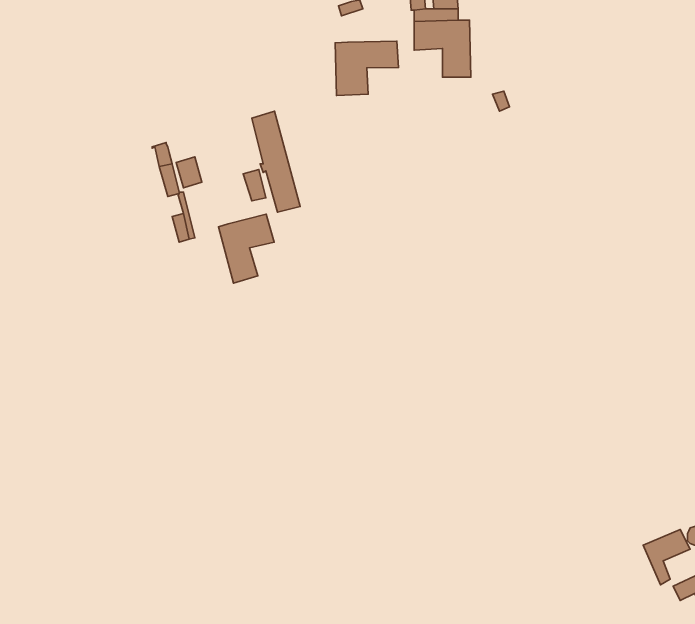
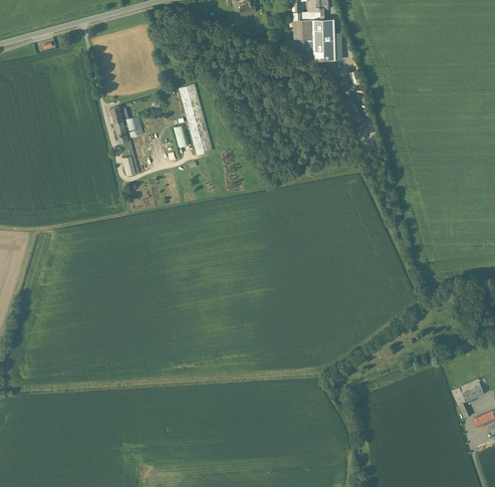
building: [335,41,398,96] -> none
building: [218,214,274,283] -> none

